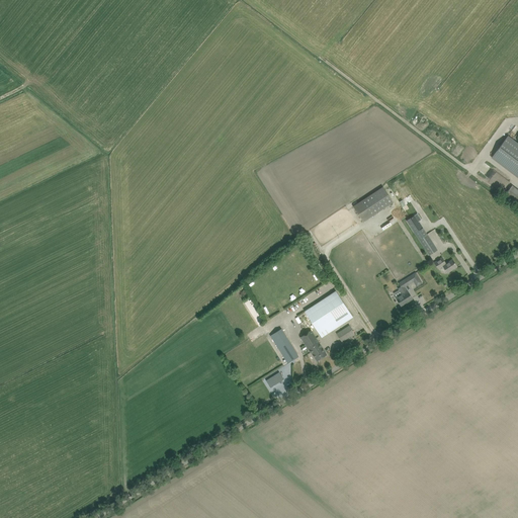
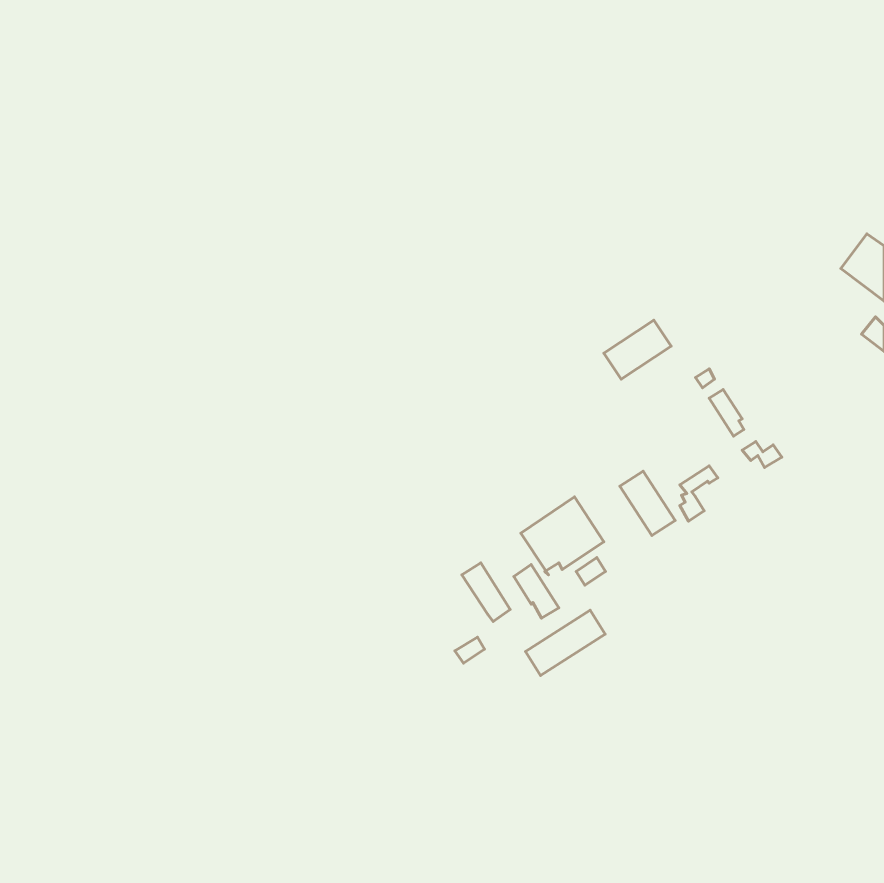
building: none -> [620,471,675,535]
building: none -> [526,610,605,675]

